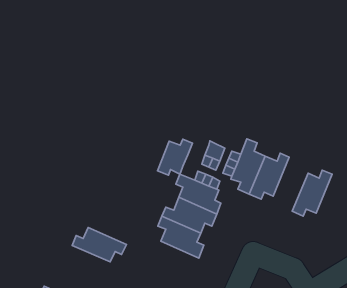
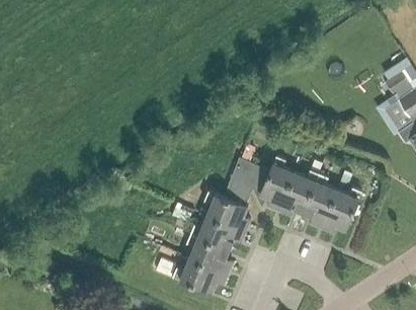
building: [157,139,193,175] -> none
building: none -> [303,173,338,228]
building: [72,228,126,262] -> [173,258,228,293]

